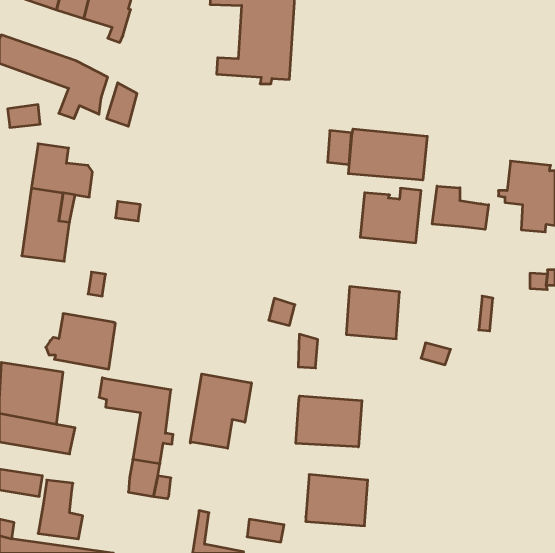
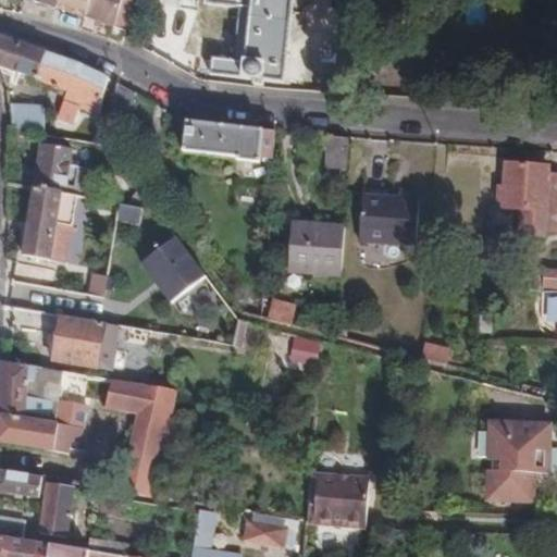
building: none -> [185,120,278,158]
building: [348,129,427,180] -> none
building: [432,186,489,229] -> none
building: none -> [139,236,201,298]
building: [346,287,400,339] -> [292,208,345,260]
building: [190,374,251,448] -> none
building: [296,396,362,447] -> none
building: none -> [485,422,549,503]

